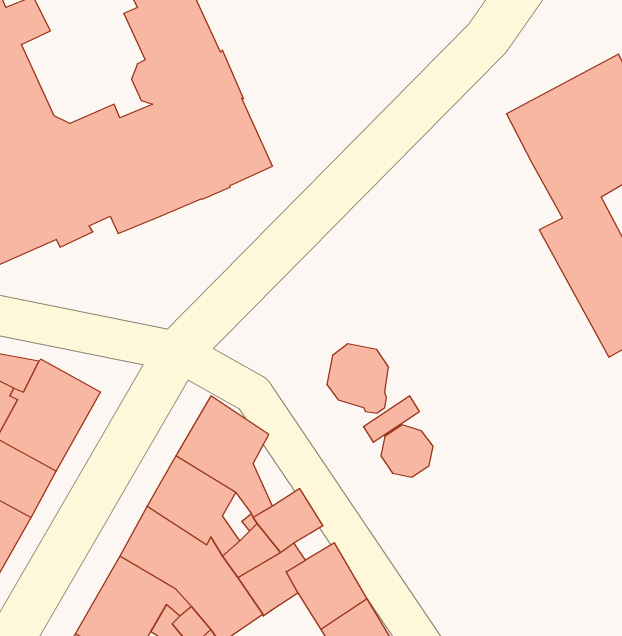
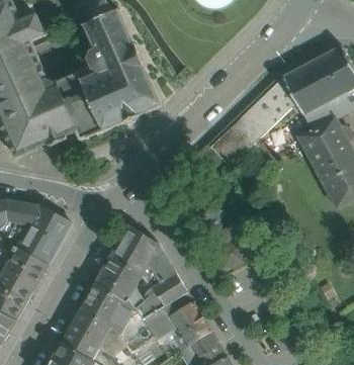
building: none -> [210,77,296,166]

